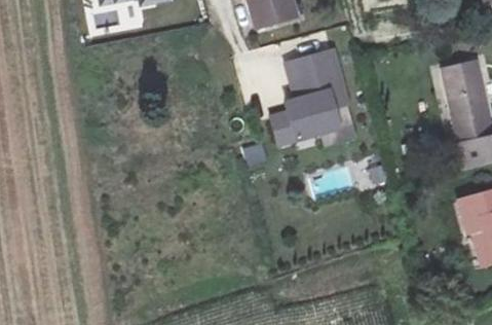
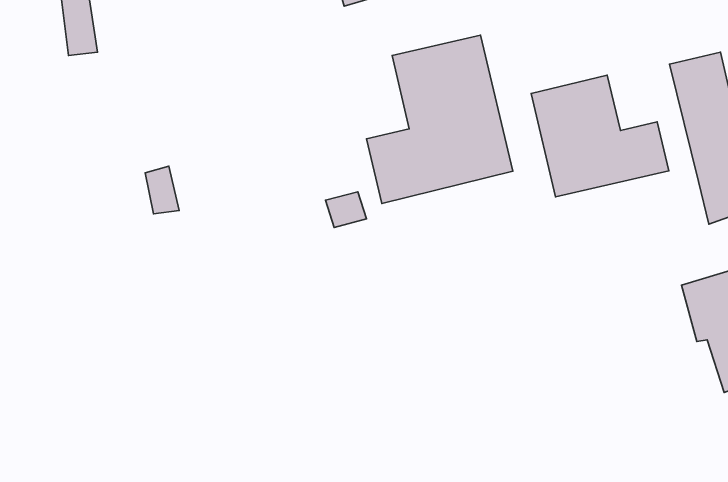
building: none -> [531,75,669,197]

